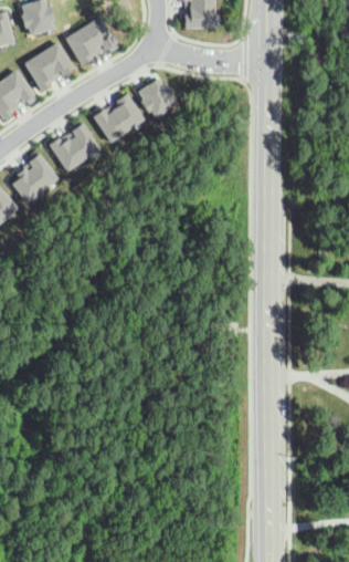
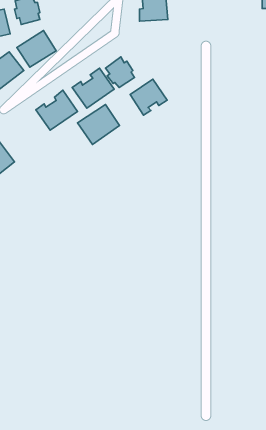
building: [66,15,117,65] -> none
building: none -> [130,79,167,115]
building: none -> [78,104,119,144]
building: [15,149,61,199] -> none

